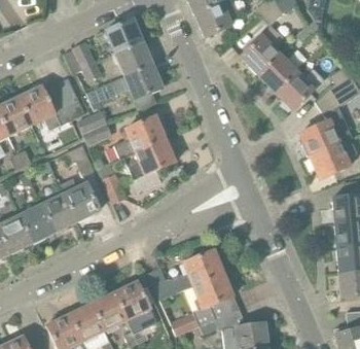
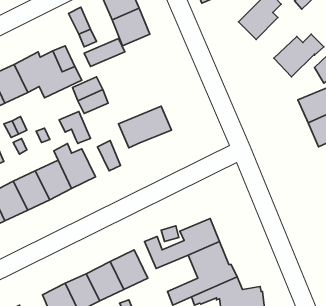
building: [258,51,298,92] -> none
building: [127,68,163,100] -> none
building: [114,115,165,159] -> none

